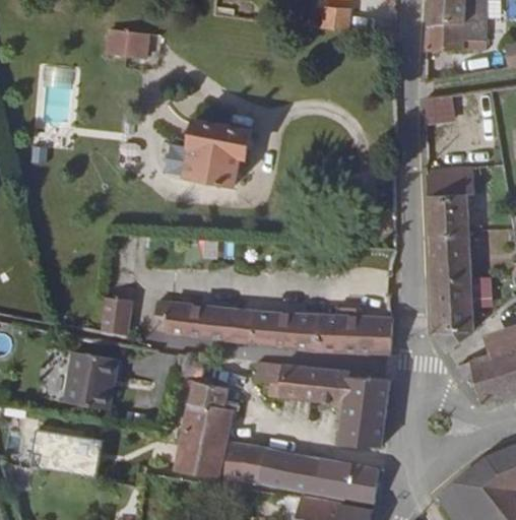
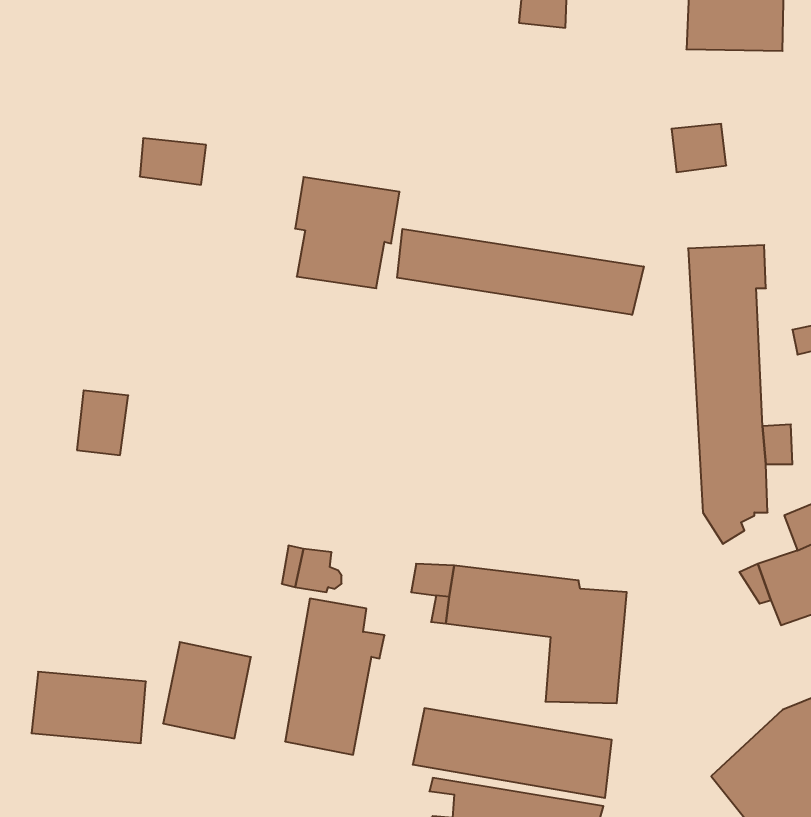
building: [109,35,149,63] -> [140,138,206,185]
building: none -> [397,229,644,315]
building: [164,296,393,353] -> none
building: [109,298,140,337] -> [77,390,128,455]
building: [61,352,115,411] -> [163,642,251,738]
building: [224,445,264,485] -> none

